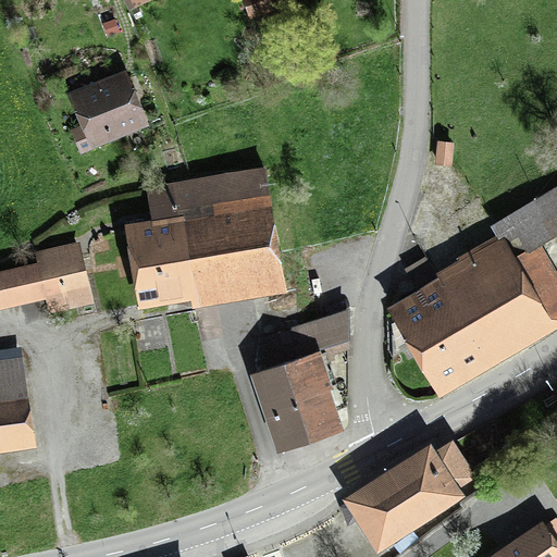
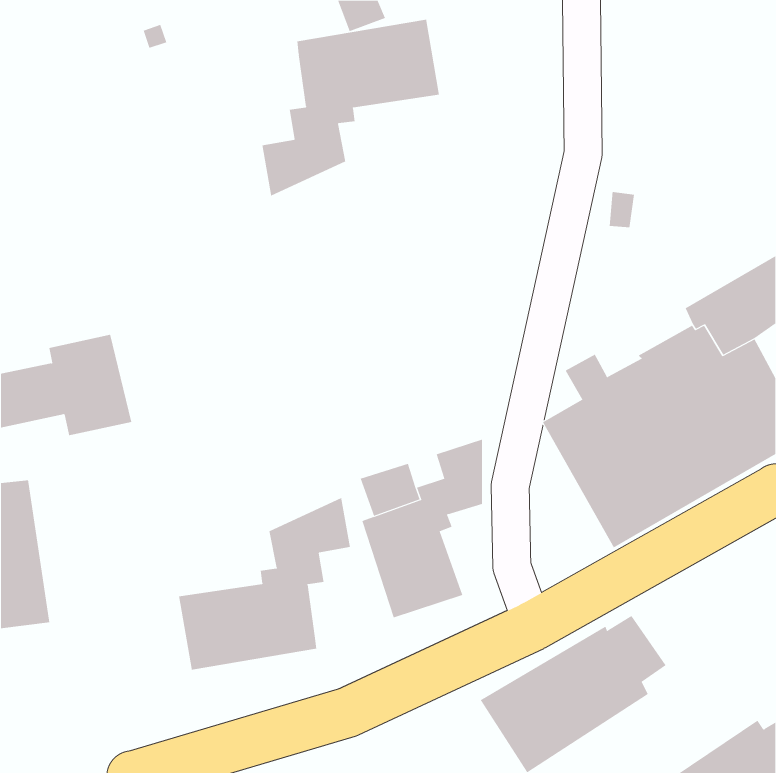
building: none -> [262,19,440,196]
building: [67,69,148,152] -> none
building: [125,165,287,308] -> none
building: none -> [178,497,350,671]

